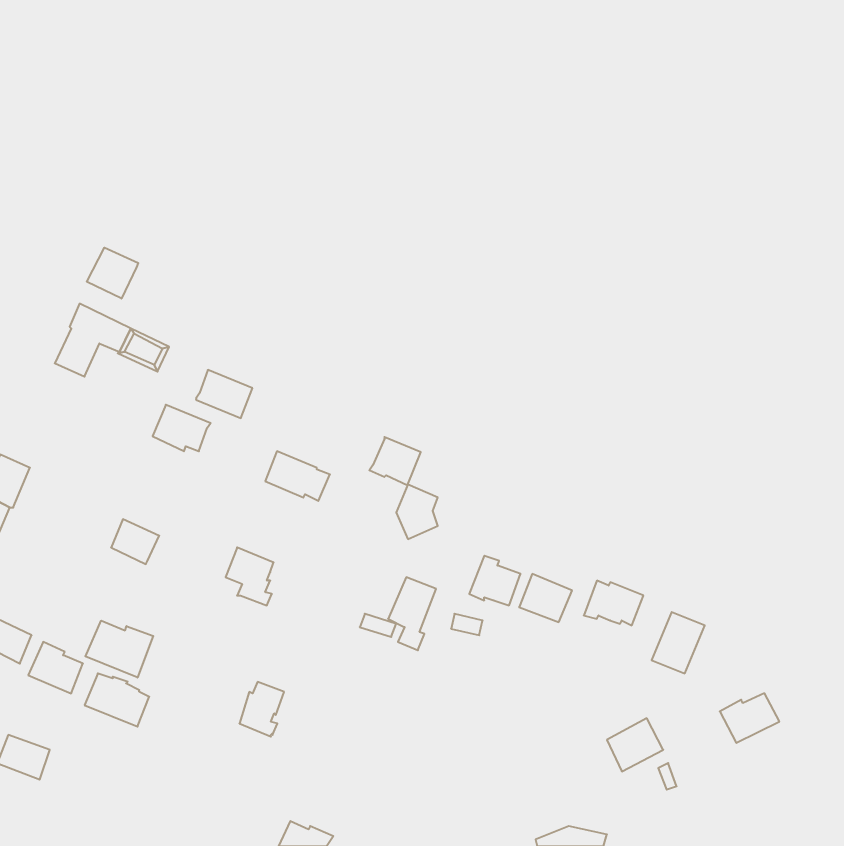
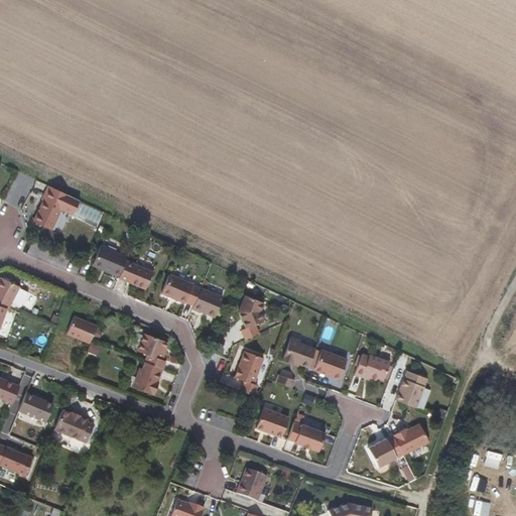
building: [87,248,138,299] -> none
building: [196,370,252,418] -> [119,260,153,289]
building: [369,437,421,485] -> [191,287,223,316]
building: [85,621,153,678] -> none
building: none -> [257,407,289,435]
building: [239,682,284,737] -> [135,362,162,395]
building: [720,693,779,743] -> [393,425,429,456]
building: none -> [288,421,326,450]
building: none -> [235,468,265,500]

